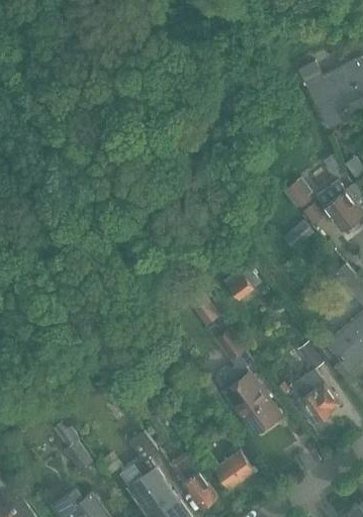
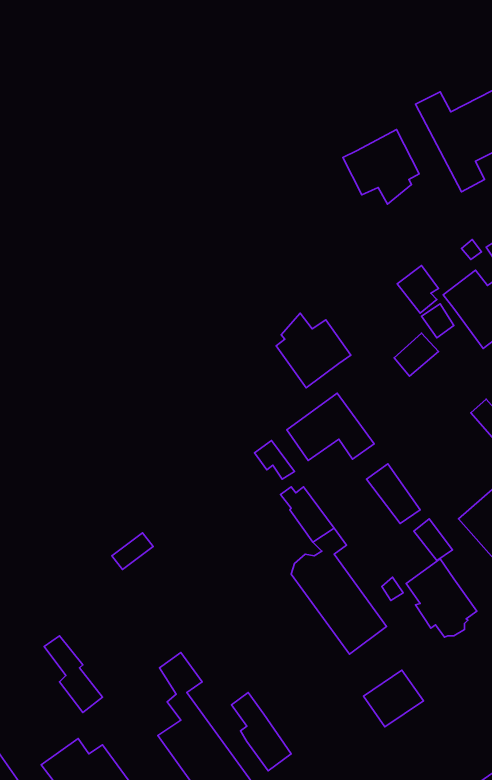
building: none -> [343,129,419,204]
building: none -> [276,313,351,388]
building: [215,452,255,490] -> [364,670,423,727]

